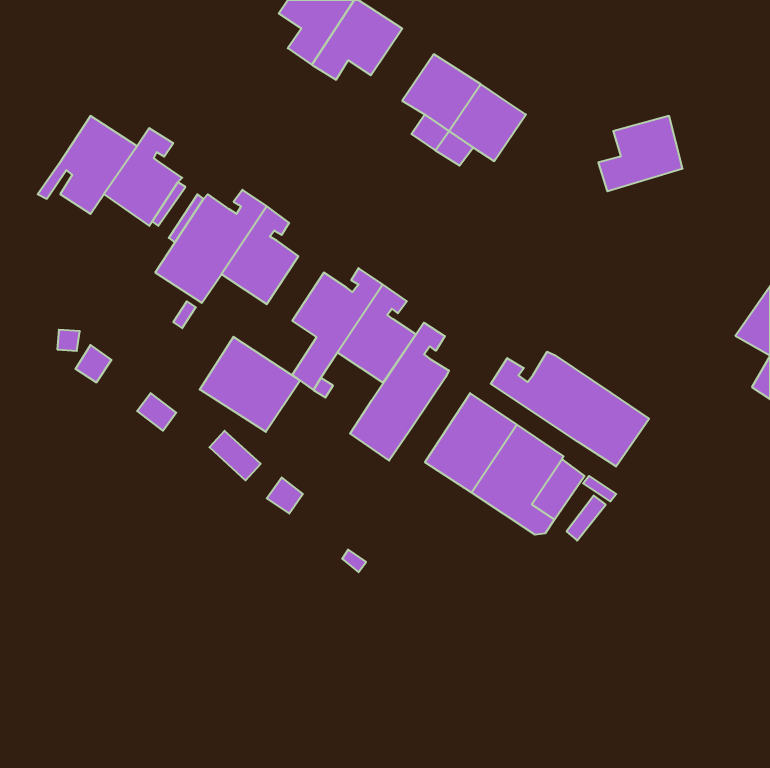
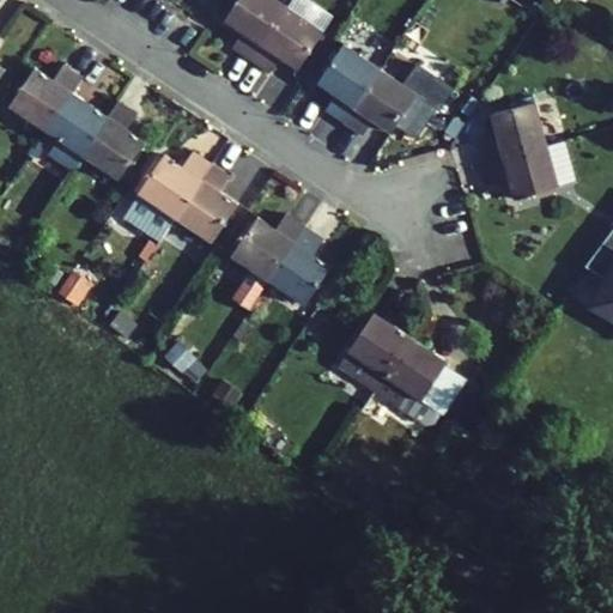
building: none -> [403,62,455,108]
building: none -> [10,66,83,132]
building: none -> [482,135,556,190]
building: [350,323,449,461] -> none
building: [200,337,300,432] -> none
building: [491,352,649,467] -> none

